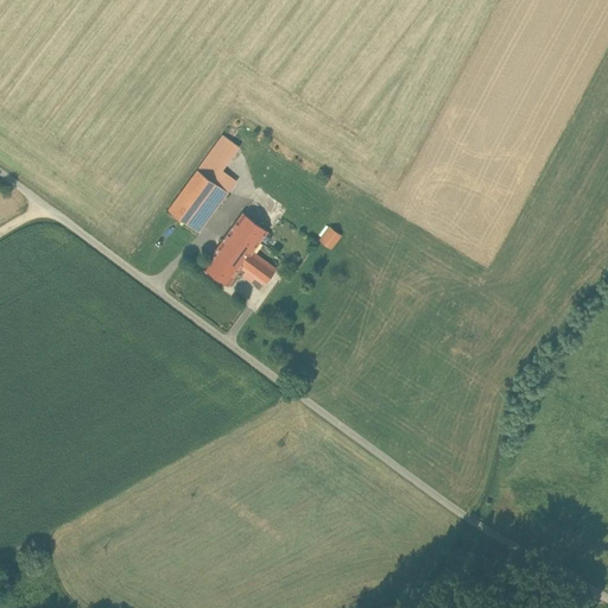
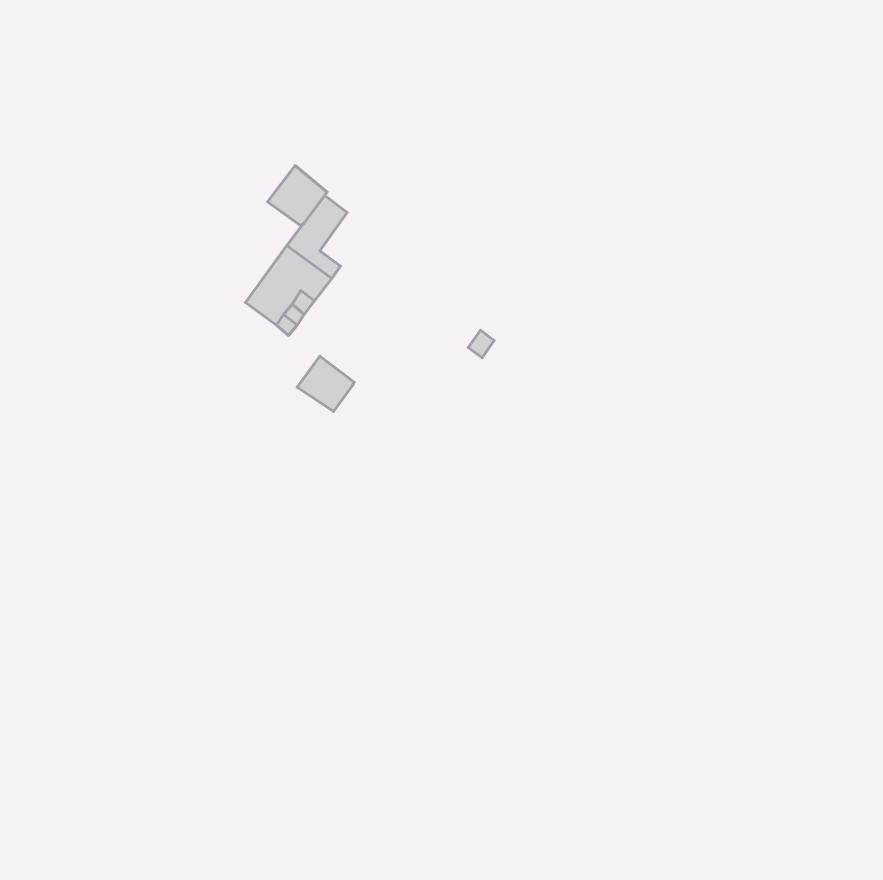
building: none -> [268,165,327,226]
building: [220,215,276,284] -> none

